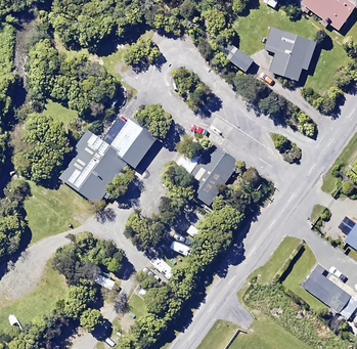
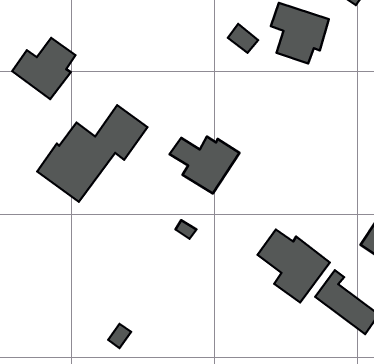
building: none -> [12,38,75,99]
building: none -> [257,230,330,302]

